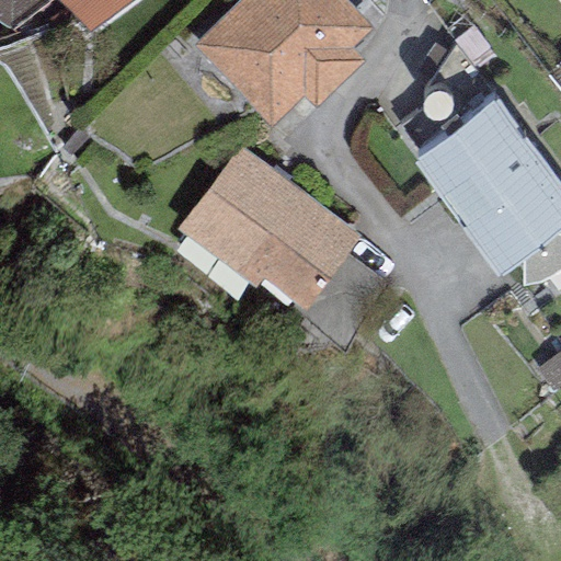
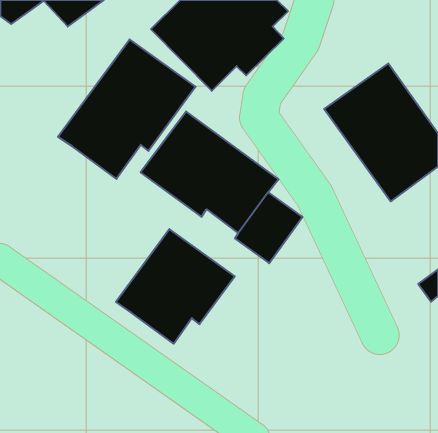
building: none -> [58,39,196,179]
building: none -> [116,229,235,344]

